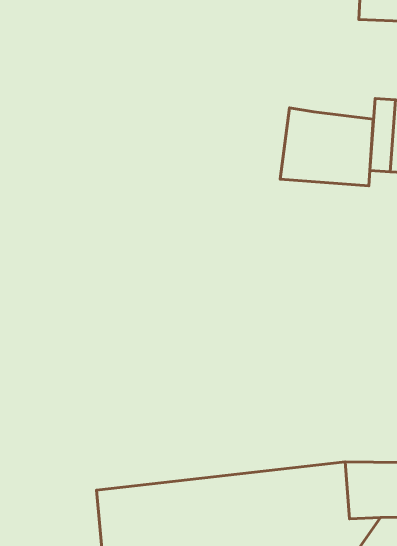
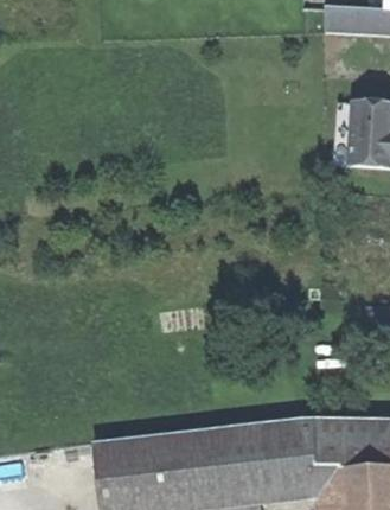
building: [280,108,373,186] -> none

